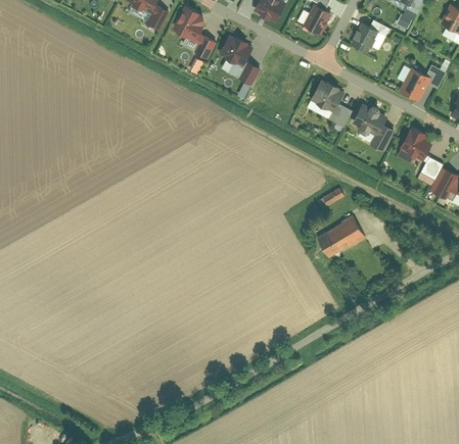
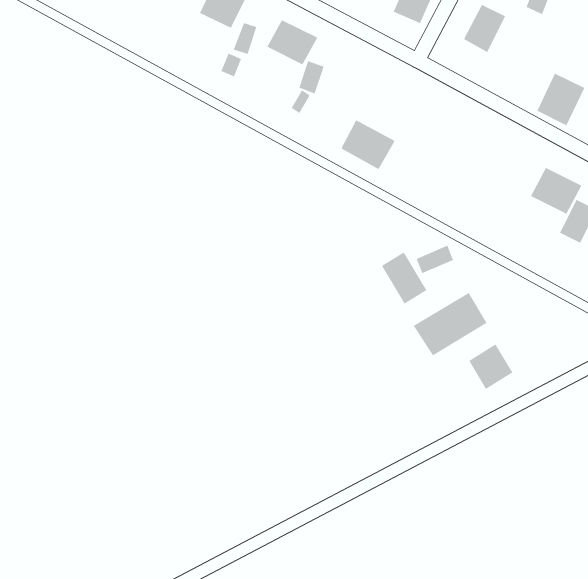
building: [309,83,346,116] -> [341,120,395,170]
building: [352,107,388,140] -> none
building: none -> [381,252,427,304]
building: none -> [468,344,513,390]

